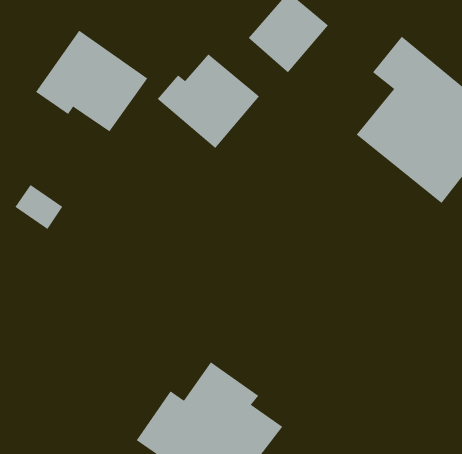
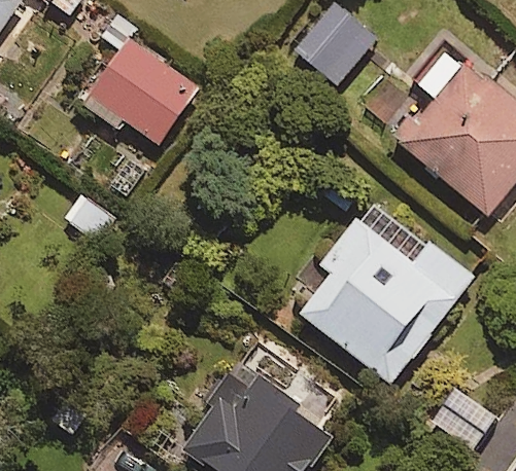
building: [157,53,260,149] -> none
building: none -> [301,203,472,384]

